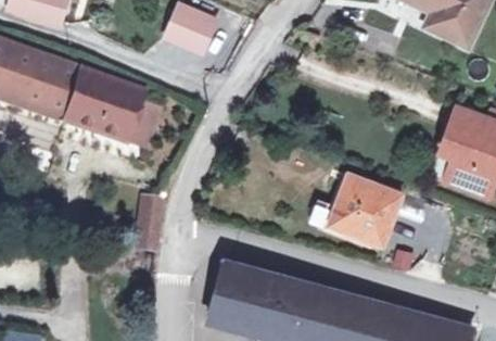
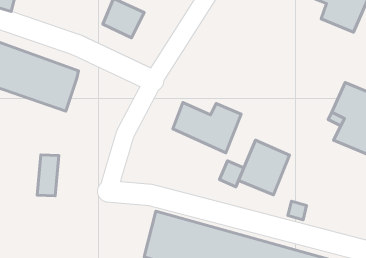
building: [123,100,158,148] -> none
building: none -> [173,103,241,153]
building: [138,199,164,249] -> [37,155,59,196]

